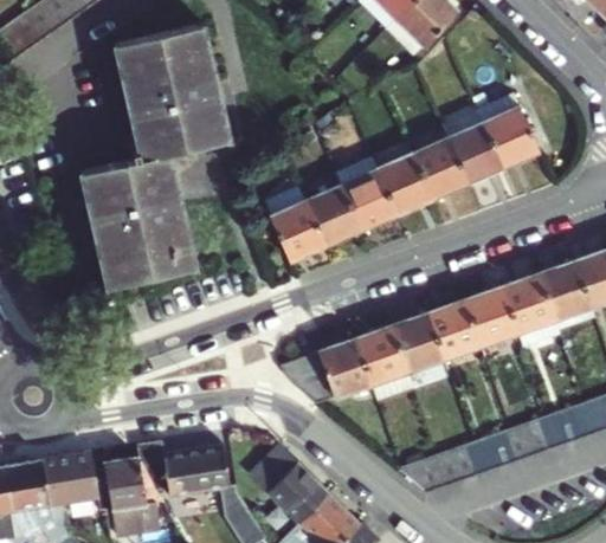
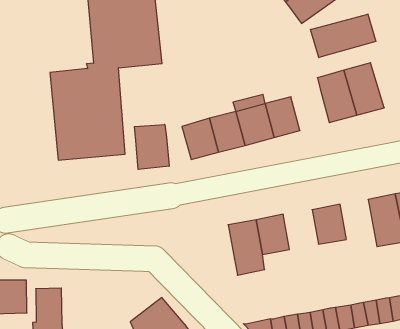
building: none -> [311,14,376,58]
building: [412,137,469,198] -> none
building: none -> [134,124,169,169]
building: [499,277,557,351] -> none
building: [425,302,478,360] -> none
building: [282,338,368,402] -> none
building: [140,445,231,497] -> none

